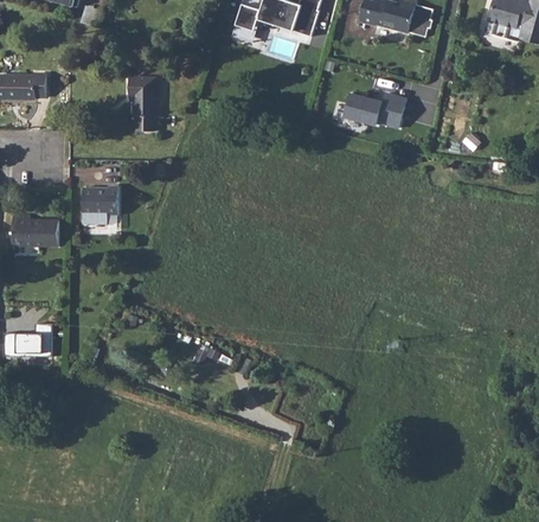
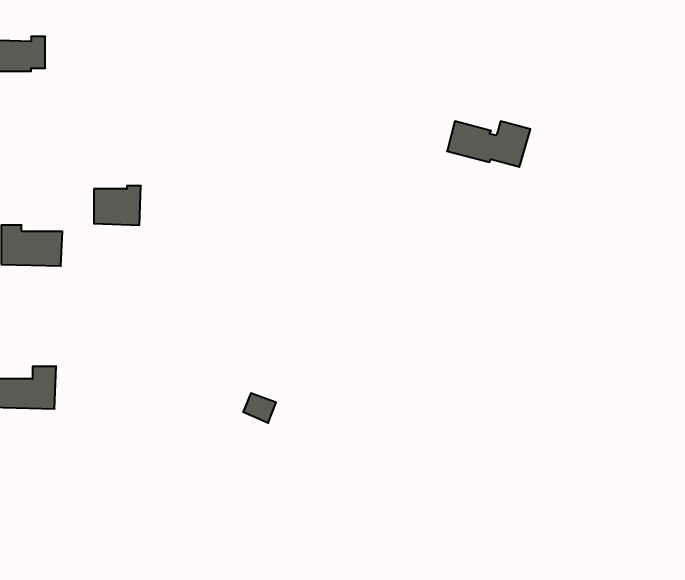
building: [129,77,155,130] -> none
building: [344,94,406,128] -> [447,121,530,167]

